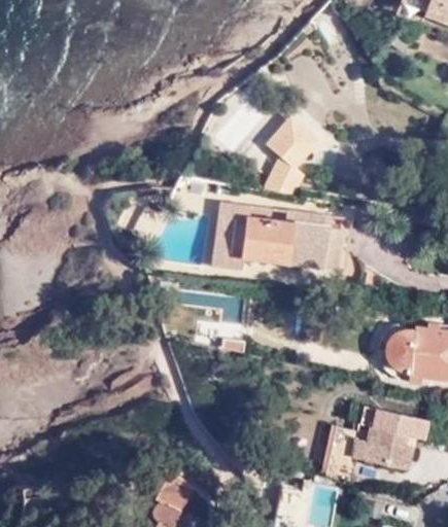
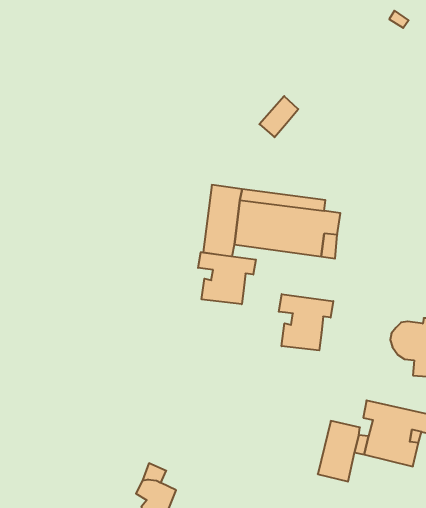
building: [265,130,318,191] -> none
building: none -> [198,252,256,304]
building: none -> [279,294,333,350]

